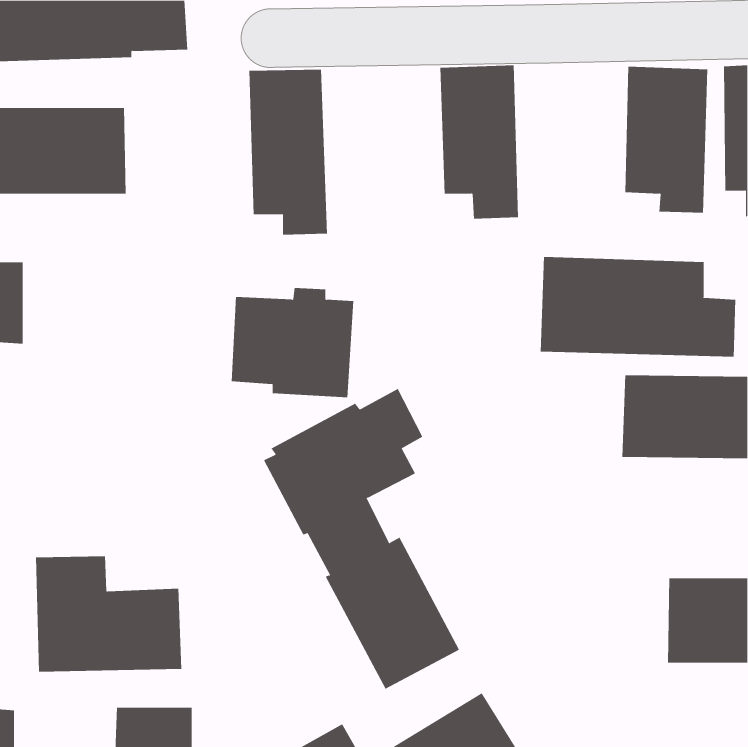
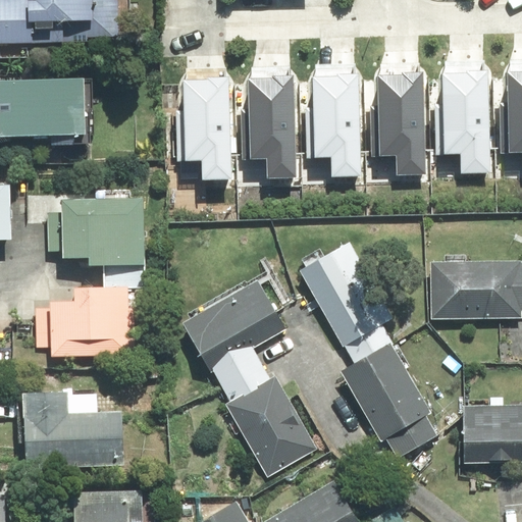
building: none -> [244,49,293,154]
building: none -> [371,52,422,154]
building: [540,256,736,357] -> none
building: [231,288,354,398] -> [63,192,149,268]
building: none -> [302,244,438,460]
building: none -> [36,284,137,360]

